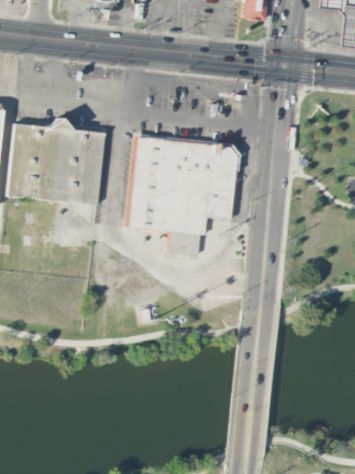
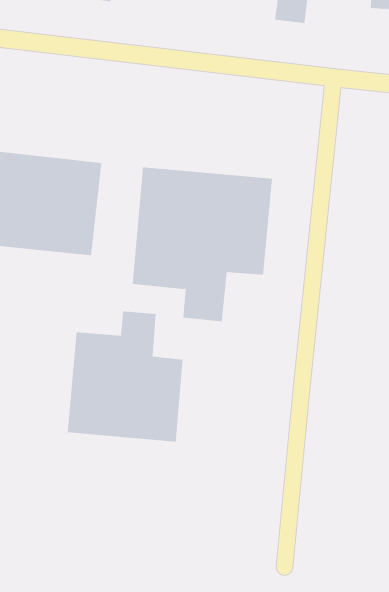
building: none -> [67,311,183,443]

